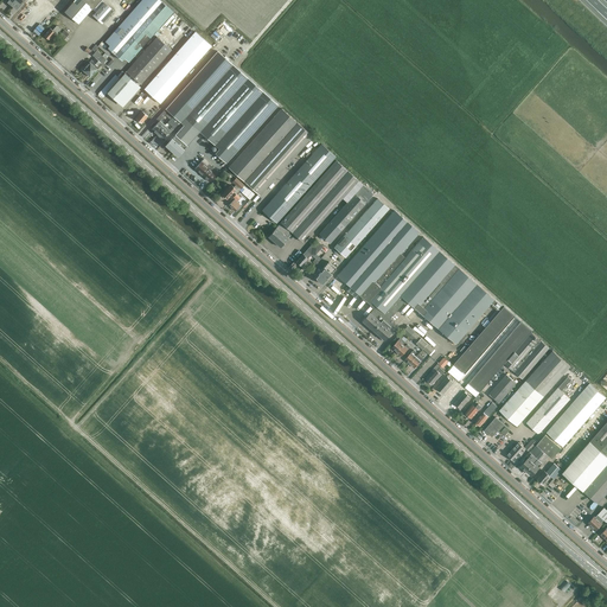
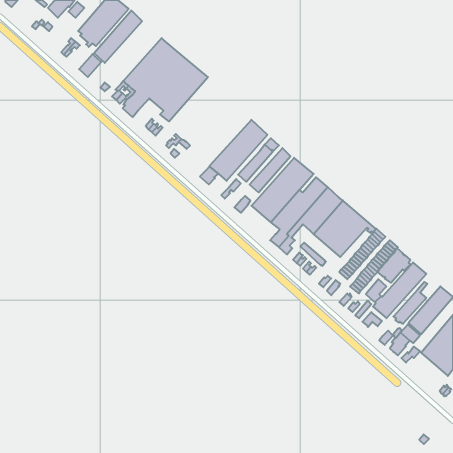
building: [143,31,210,103] -> none
building: [228,108,312,194] -> none
building: [261,143,334,223] -> none

